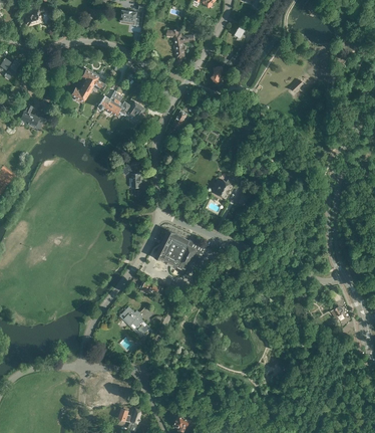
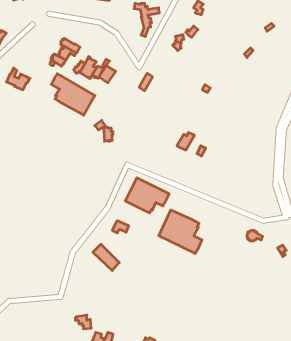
building: none -> [51,74,95,115]
building: none -> [159,210,202,254]

